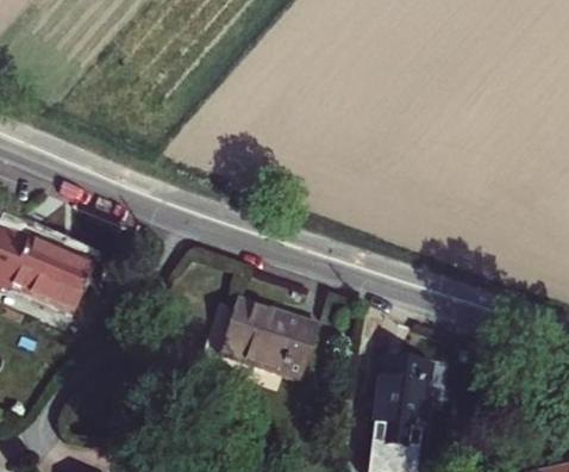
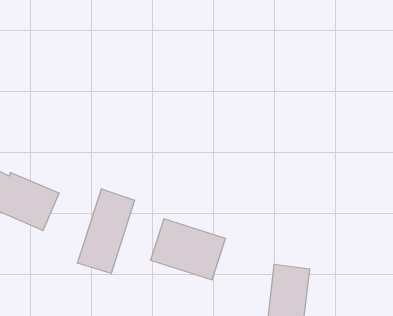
building: none -> [78,189,135,274]

